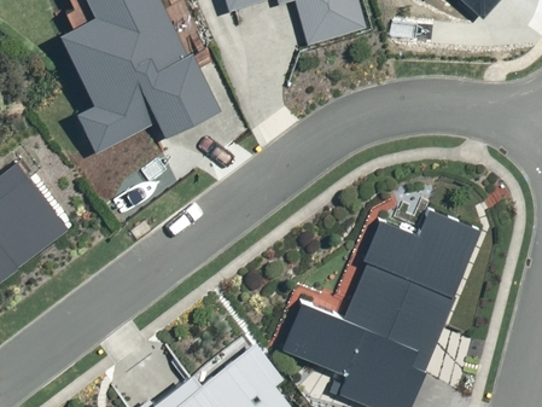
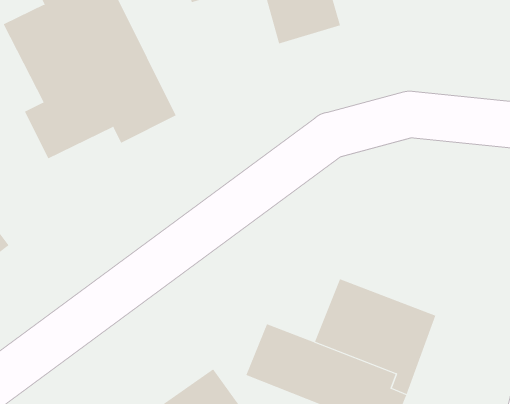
building: [359,208,477,293] -> none

